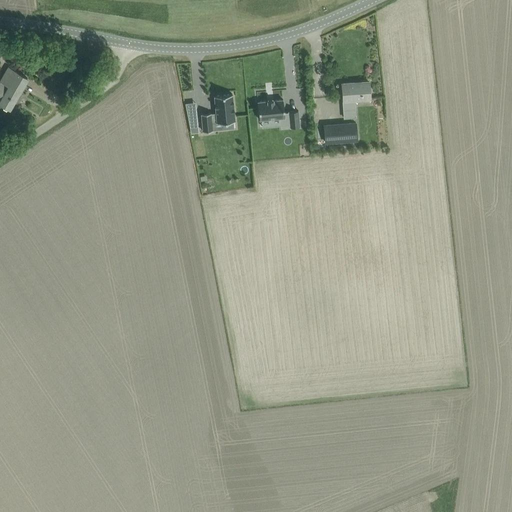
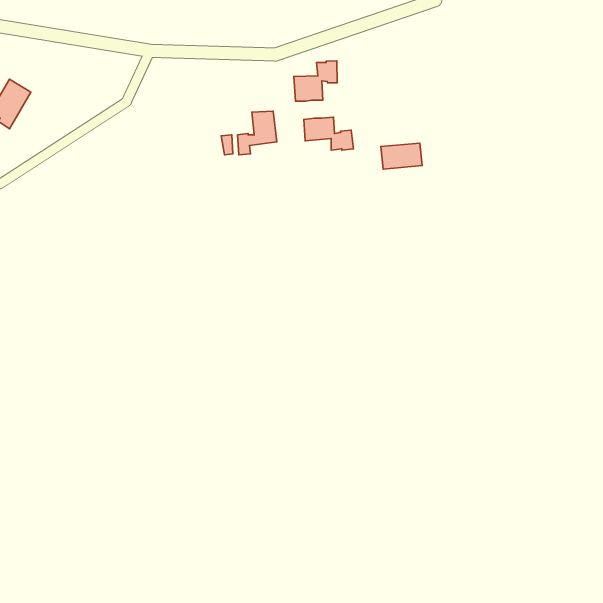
building: none -> [294,61,337,101]
building: [341,82,369,118] -> none

